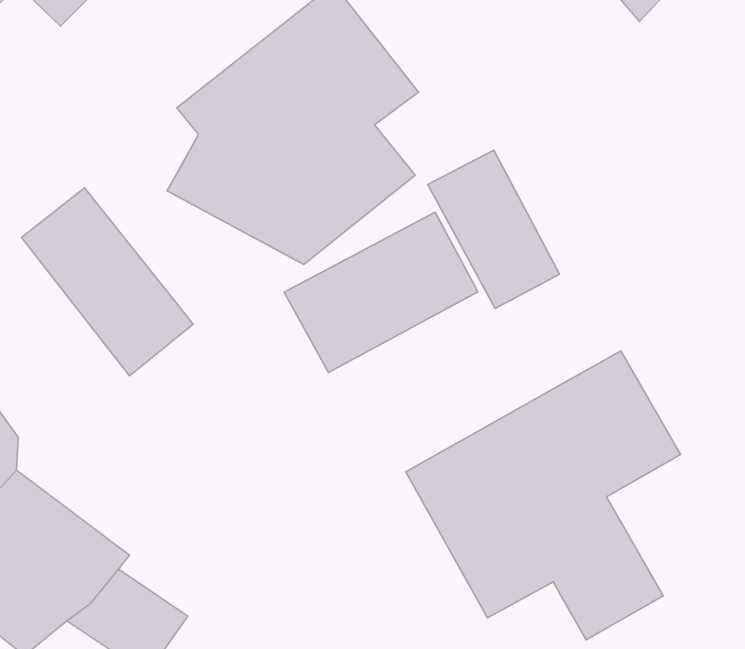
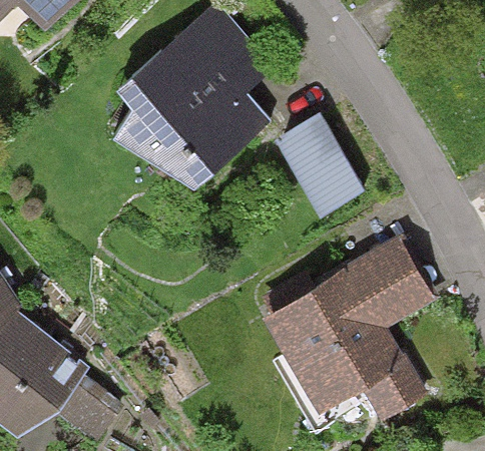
building: [22,188,193,376] -> none
building: [284,212,478,373] -> none

